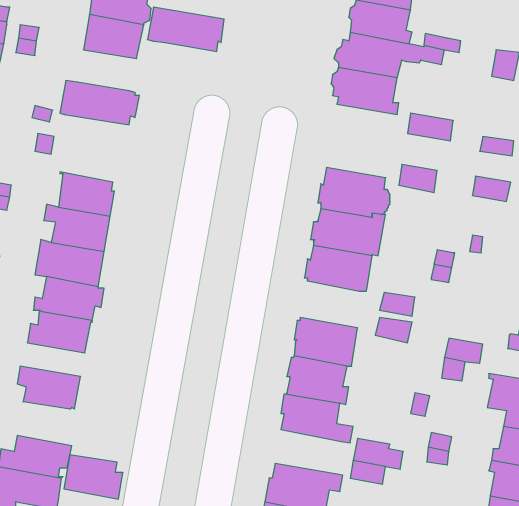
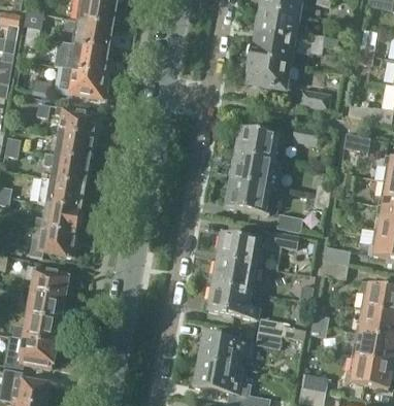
building: [147,7,224,51] -> [55,42,108,73]
building: none -> [54,106,100,137]
building: [64,455,123,499] -> [25,291,66,322]

